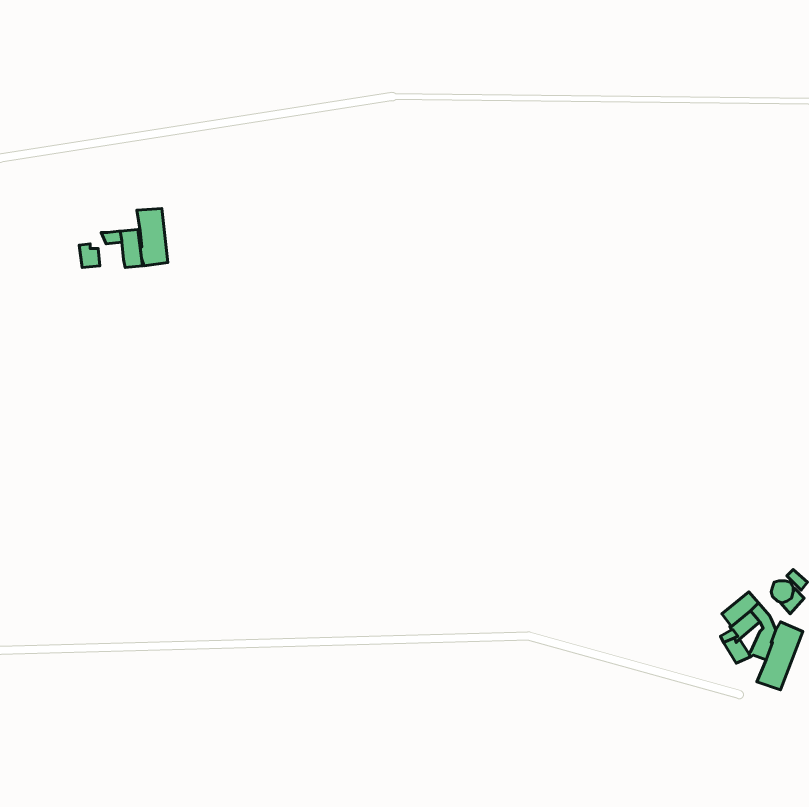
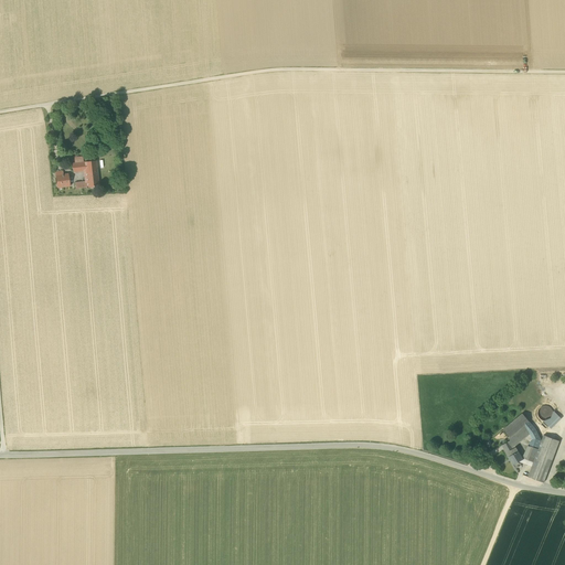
building: [137,208,168,266] -> none

